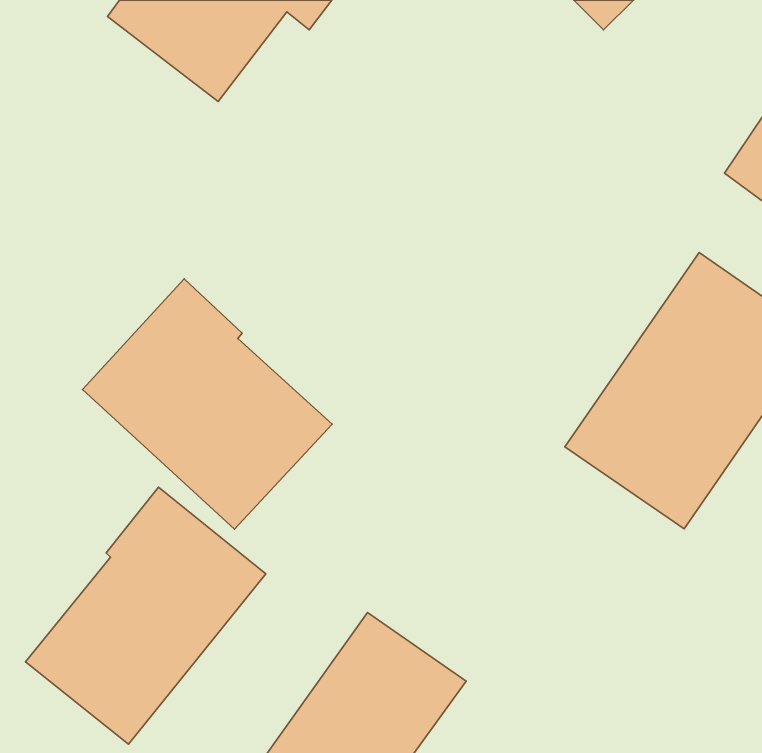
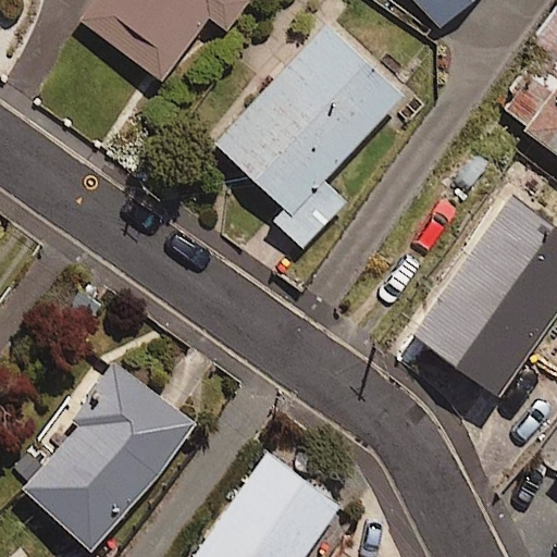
building: none -> [211,25,403,249]
building: [82,279,332,529] -> none

